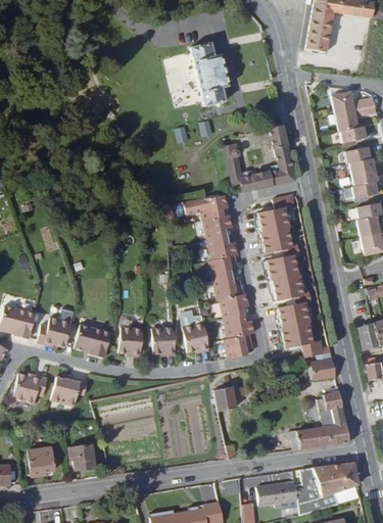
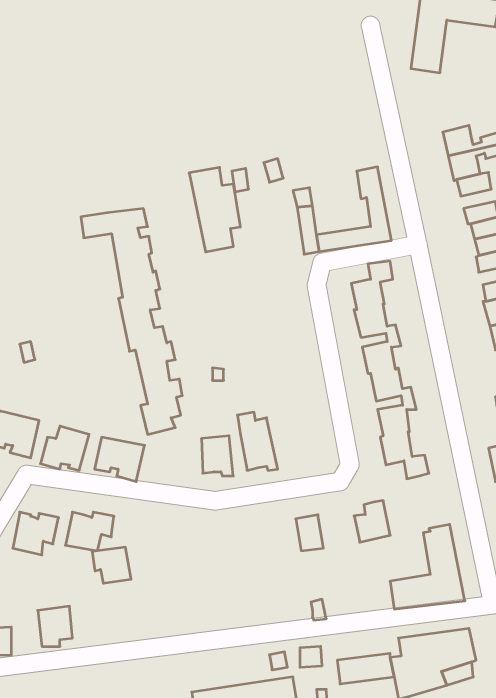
building: [192,39,230,101] -> [189,167,240,252]
building: [179,188,253,354] -> [81,209,182,434]
building: [118,323,142,353] -> none
building: [305,348,332,379] -> [354,501,390,542]
building: [69,445,98,472] -> [92,547,131,583]

